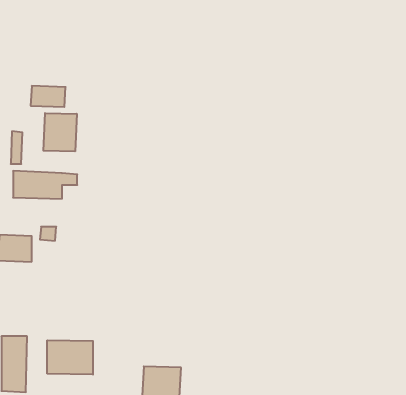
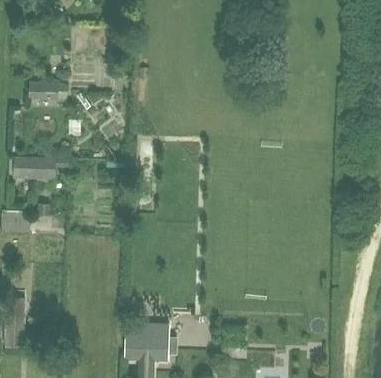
building: [43,113,77,151] -> none
building: [47,340,93,375] -> none

